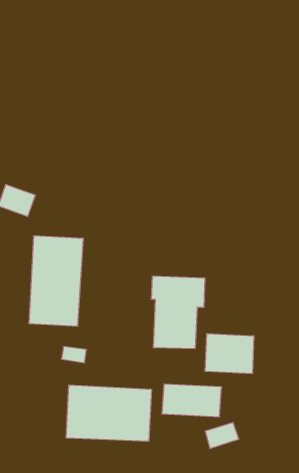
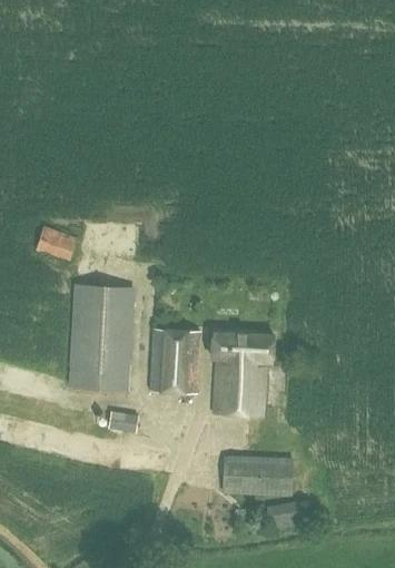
building: none -> [149,327,200,393]
building: [205,333,254,374] -> none
building: [66,385,151,441] -> none

